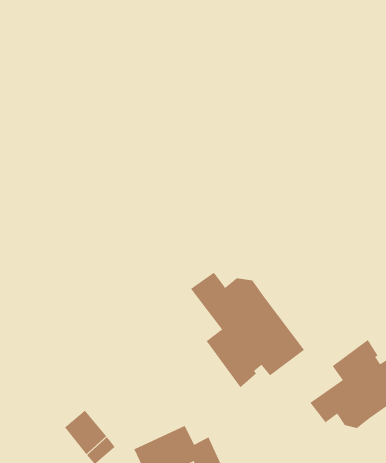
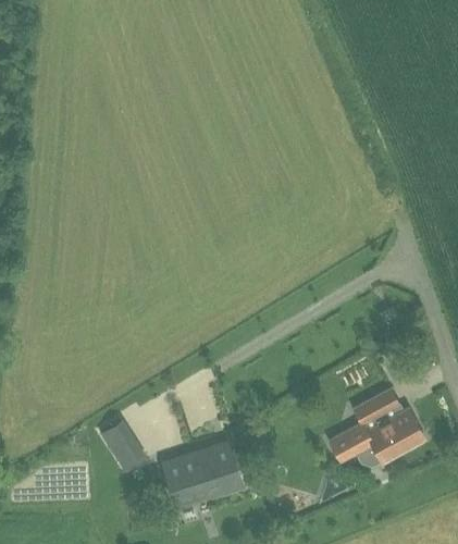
building: [190,272,305,388] -> none

